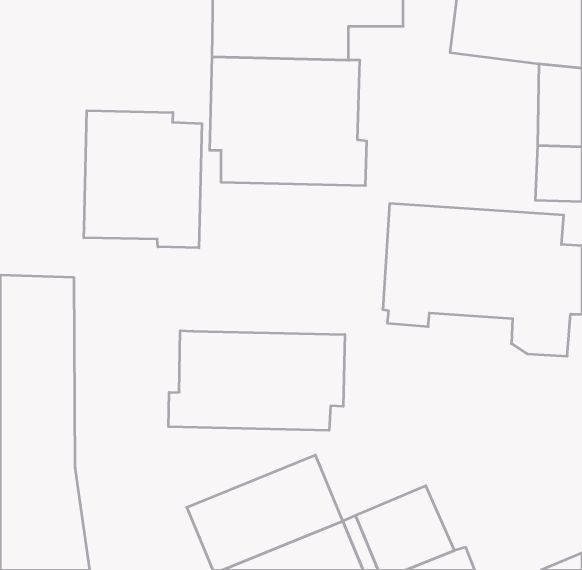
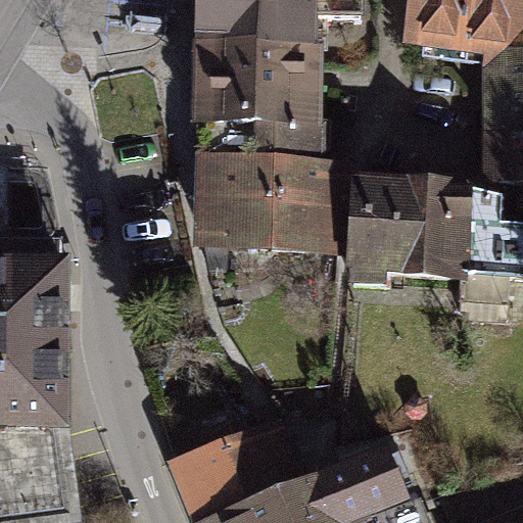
building: [84,111,202,248] -> none
building: none -> [195,163,341,267]
building: [168,331,345,430] -> none

